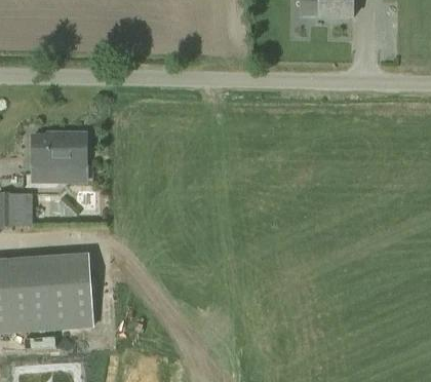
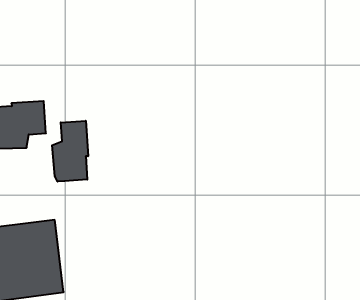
building: none -> [52,121,88,182]

